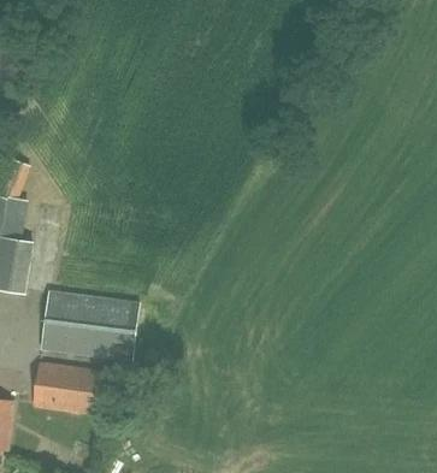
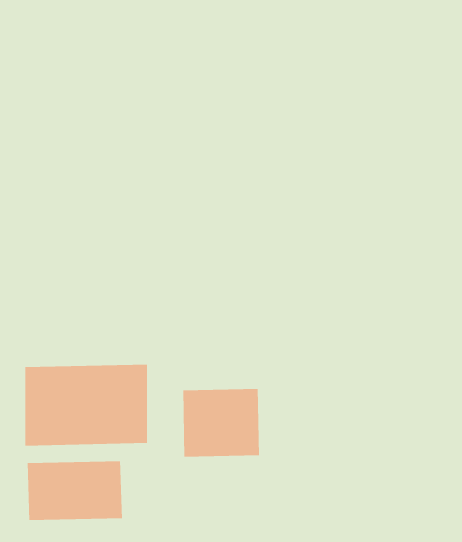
building: none -> [183,388,260,457]

